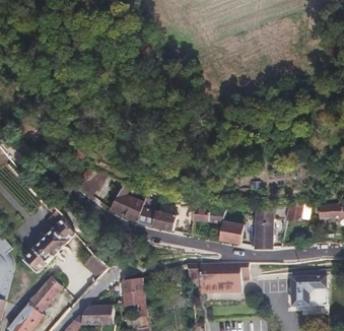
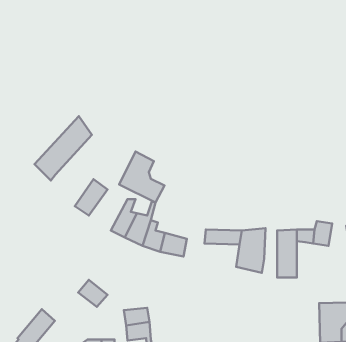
building: none -> [119,151,165,203]
building: [24,218,74,274] -> [34,116,92,180]
building: [189,264,250,289] -> none

